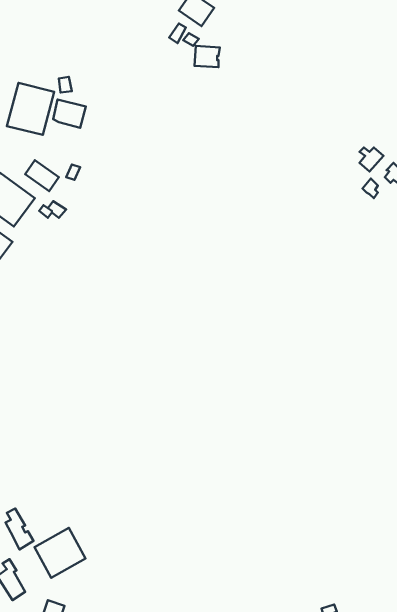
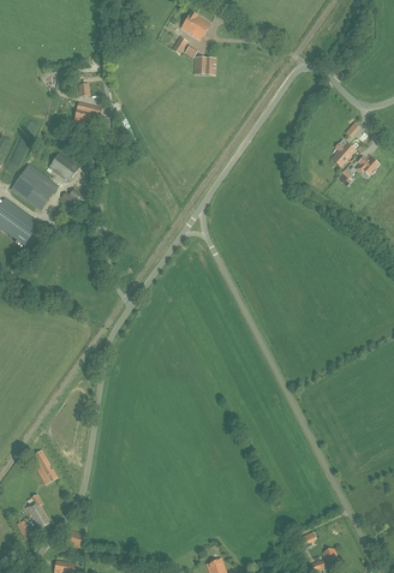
building: [7,83,54,135] -> none
building: [34,528,85,578] -> none

